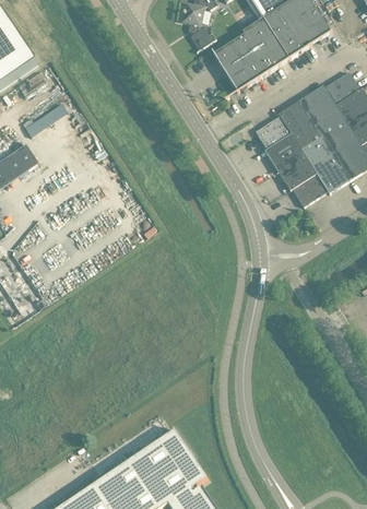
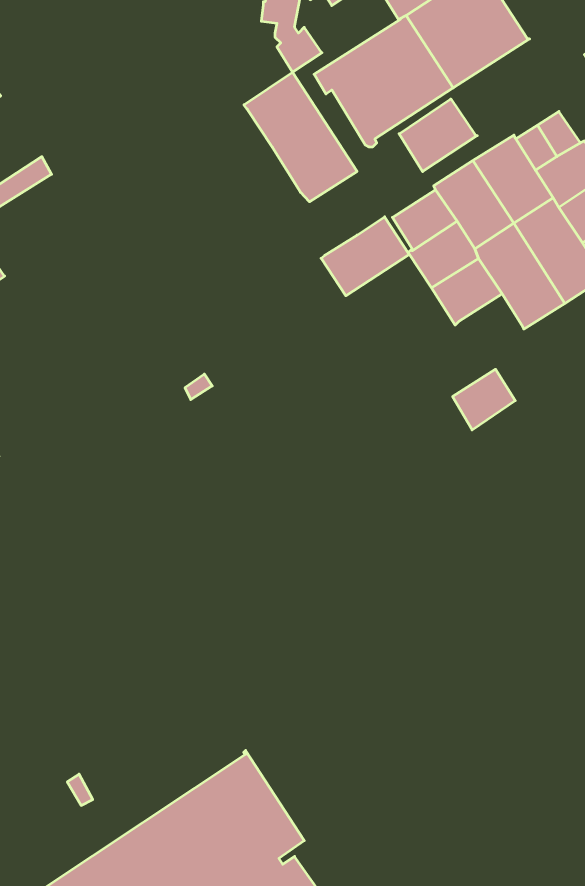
building: none -> [244,72,357,202]
building: none -> [399,99,477,172]
building: none -> [321,217,409,296]
building: [293,173,328,206] -> [453,369,515,430]

